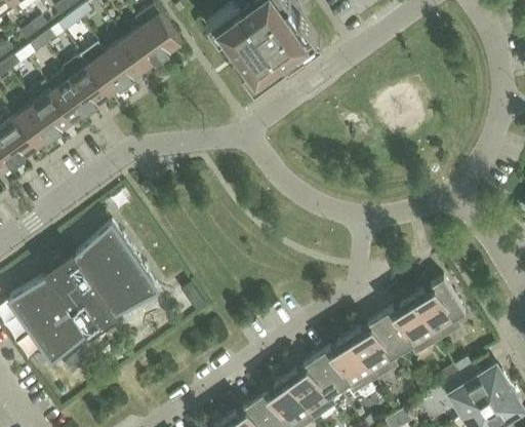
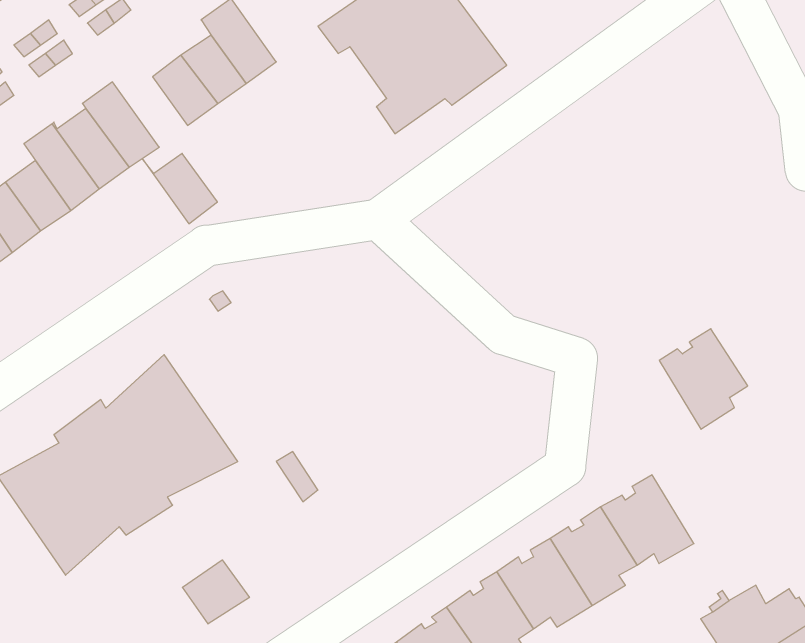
building: [80,53,126,96] -> [142,153,217,224]
building: [411,278,466,340] -> [659,329,748,429]
building: none -> [182,560,249,624]

